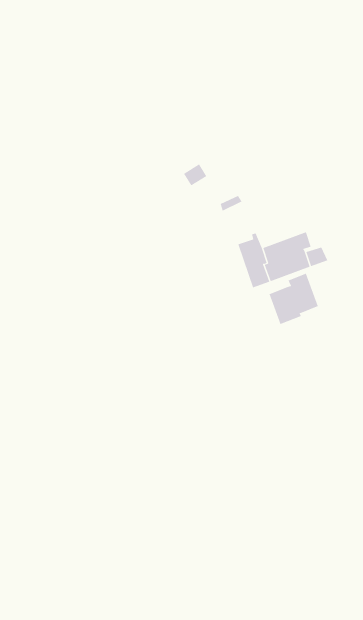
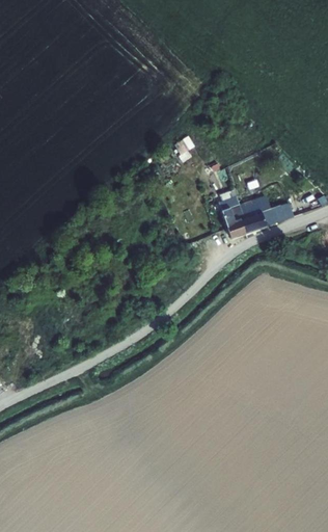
building: [269,273,319,325] -> none

